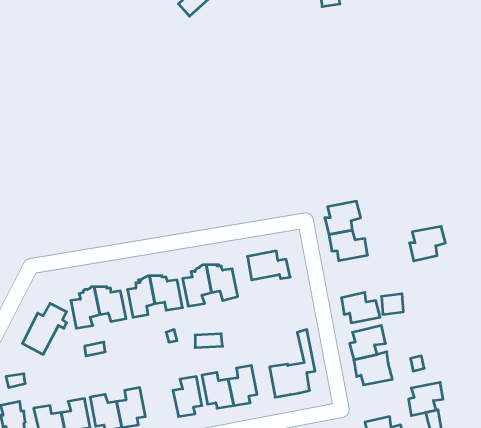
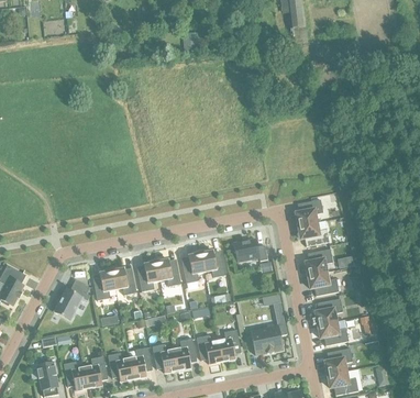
building: [409,226,445,261] -> [303,247,332,275]
building: [409,382,443,416] -> [323,347,351,374]
building: none -> [151,343,177,372]

